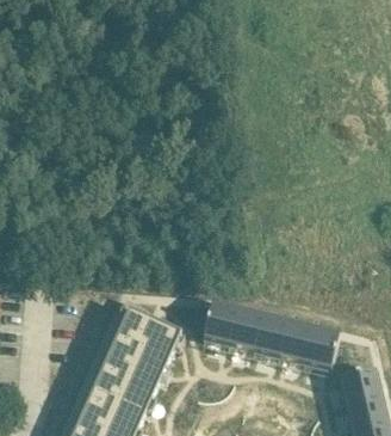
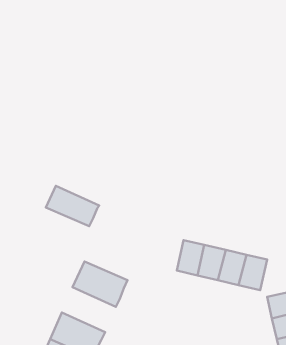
building: [203,299,237,343] -> none
building: [117,306,181,355] -> [46,186,99,226]
building: [89,363,155,418] -> none

